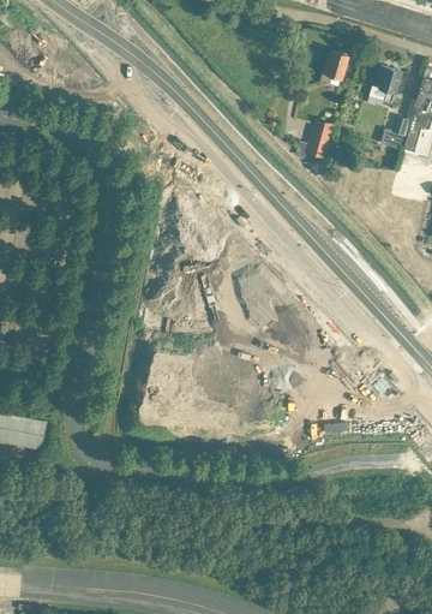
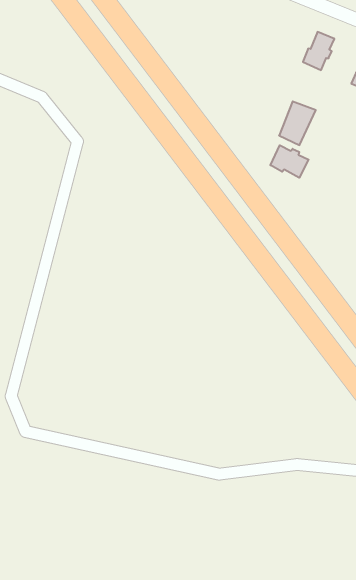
building: none -> [270,145,309,178]

